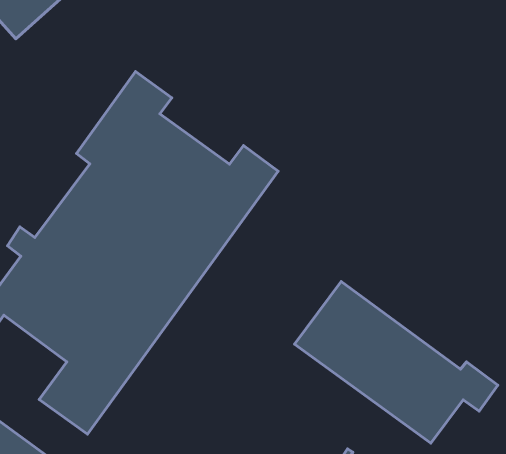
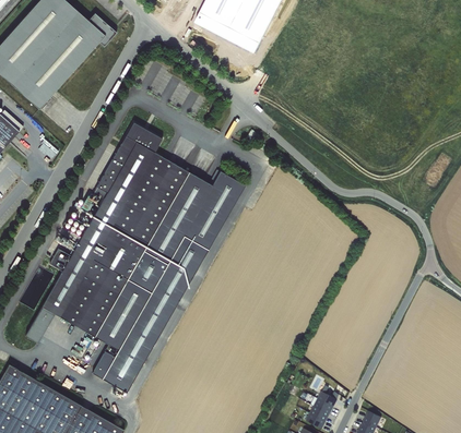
building: [294,282,498,443] -> none

